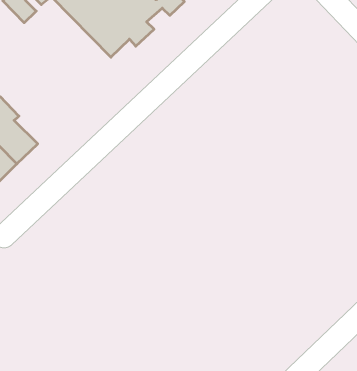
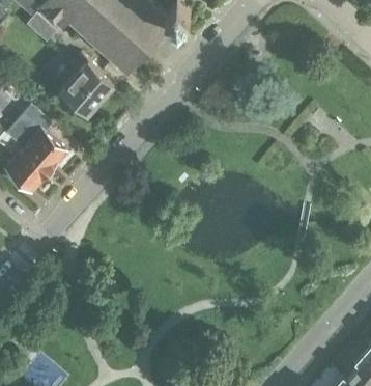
building: none -> [59,54,113,115]

